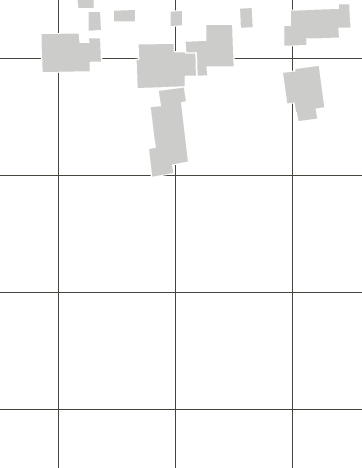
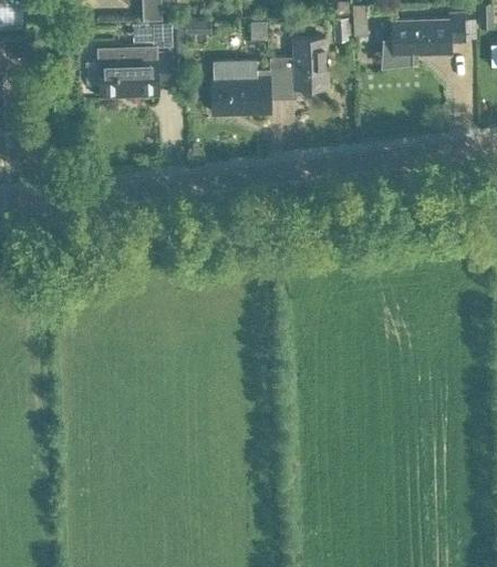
building: [282,65,325,122] -> none
building: [148,87,189,178] -> none

